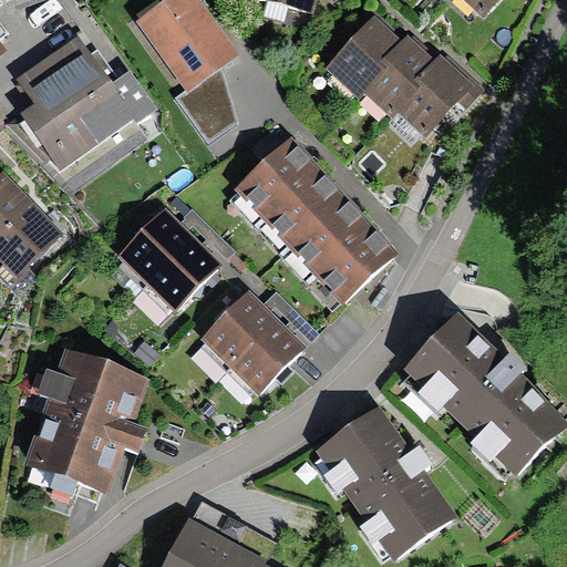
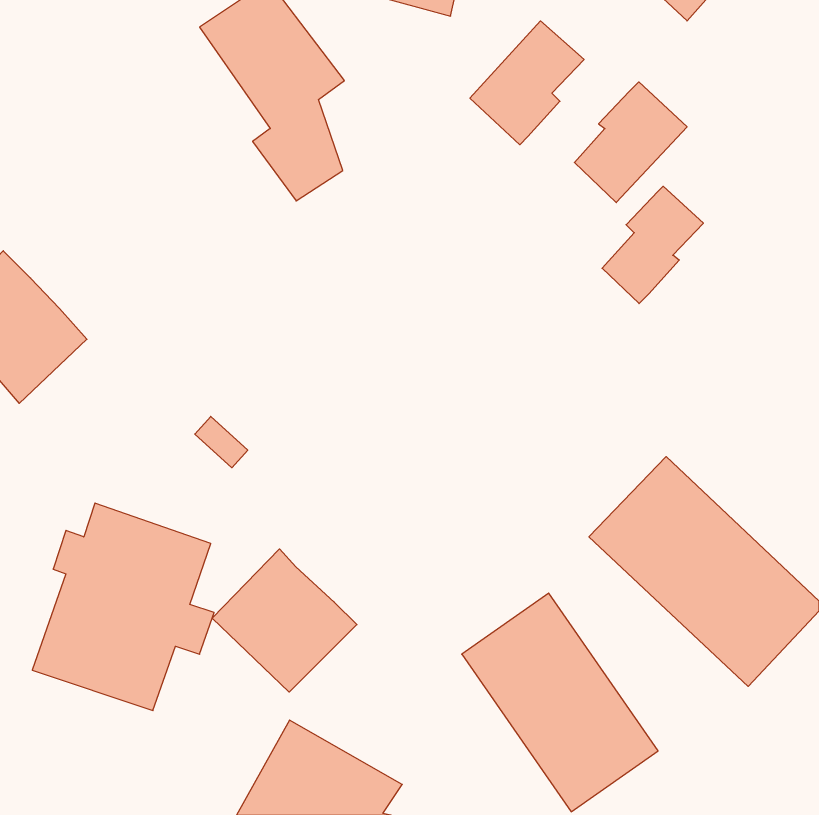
building: [17,35,154,175] -> none
building: [363,38,433,118] -> [602,186,703,304]
building: [231,131,399,302] -> none
building: [121,213,218,310] -> none
building: [198,295,298,393] -> [212,549,357,692]

